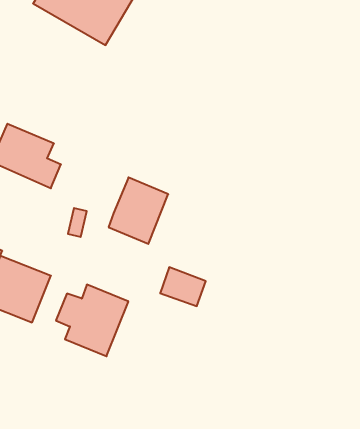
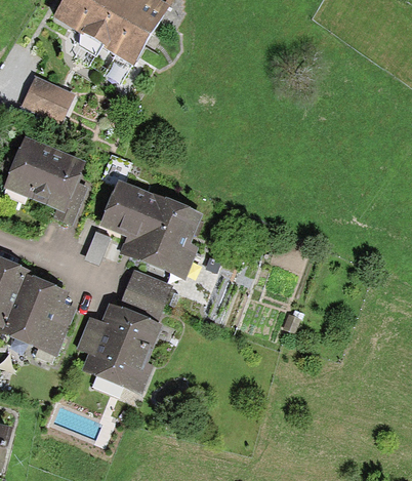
building: none -> [27,78,69,117]
building: none -> [106,185,154,235]
building: [160,267,206,306] -> [127,268,174,308]

